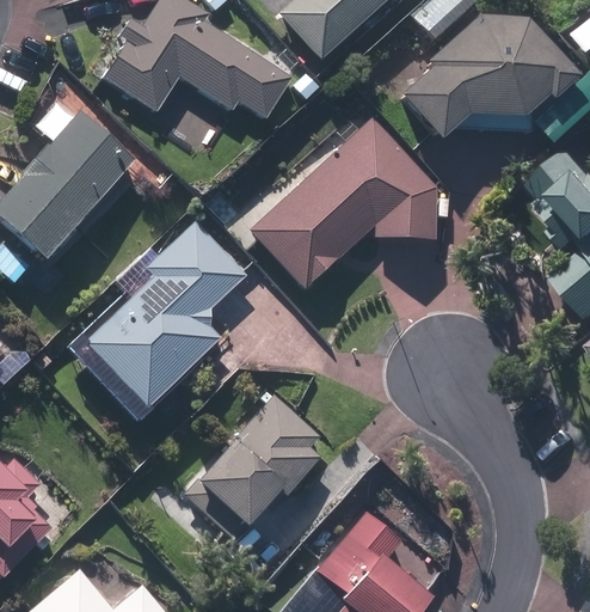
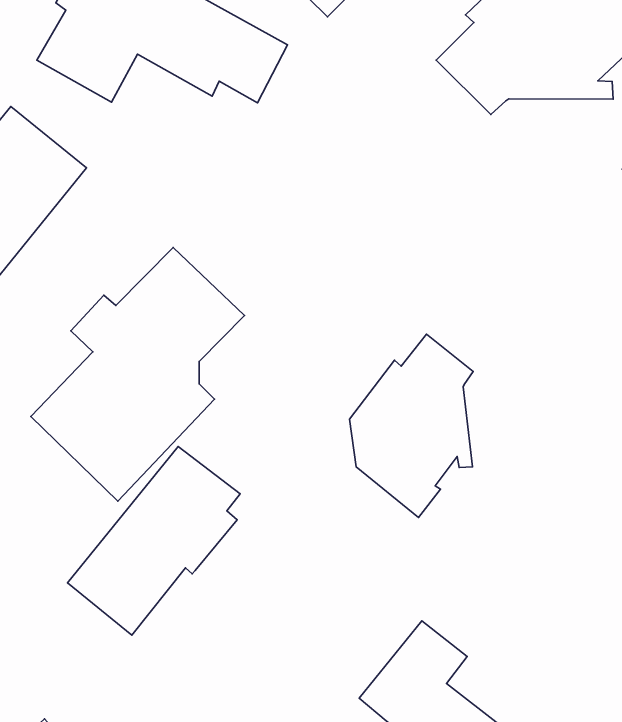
building: [252,117,438,287] -> none
building: none -> [350,334,473,517]
building: [184,397,316,536] -> [68,446,240,635]

